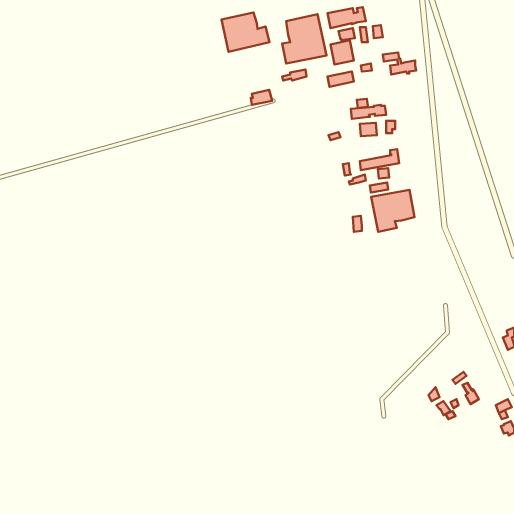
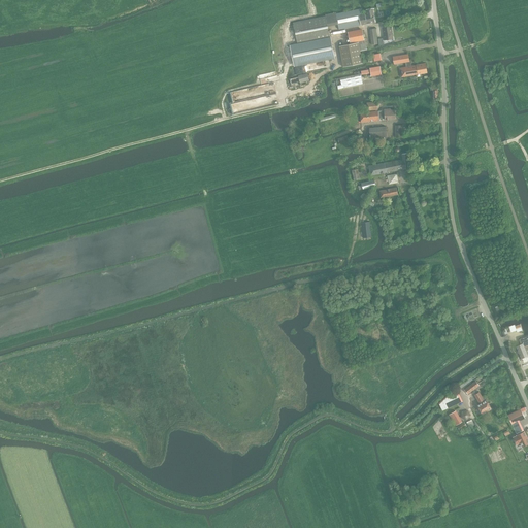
building: [222,13,269,52] -> none
building: [371,190,414,232] -> none

